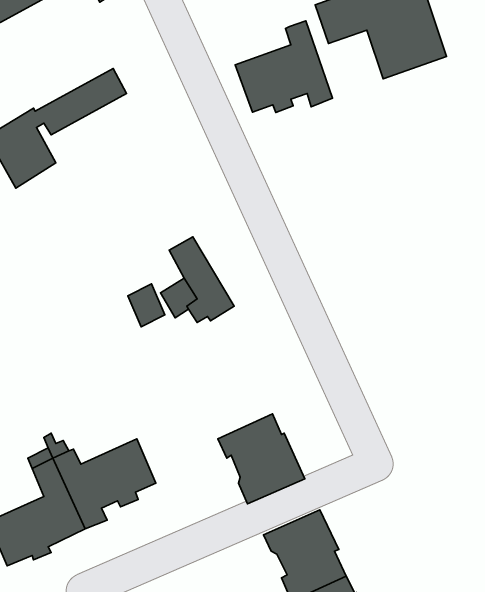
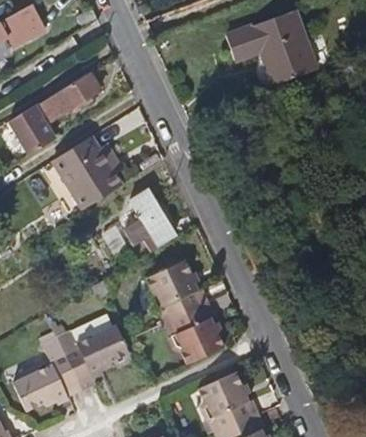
building: [235,21,332,112] -> none
building: none -> [55,135,124,208]
building: none -> [147,265,203,325]

